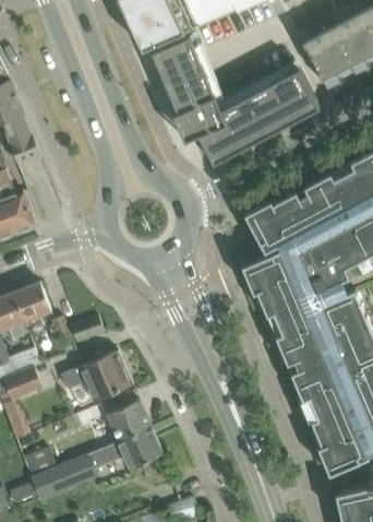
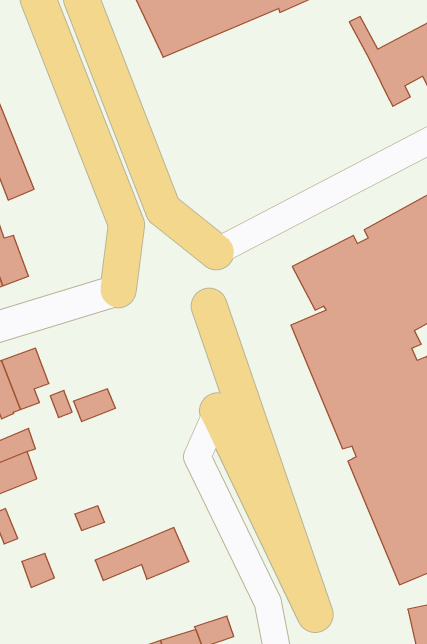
building: [152,36,318,164] -> none
building: [61,351,132,402] -> none
building: [106,401,151,441] -> none
building: [32,460,81,499] -> none

